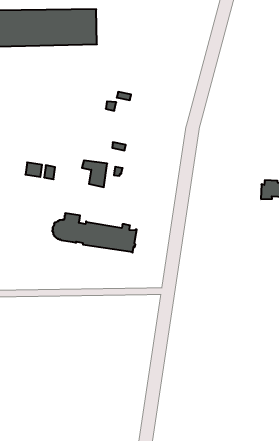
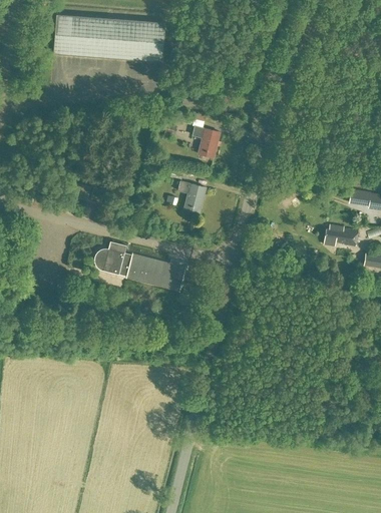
building: none -> [193,126,220,156]
building: [82,160,107,187] -> [177,181,206,212]

